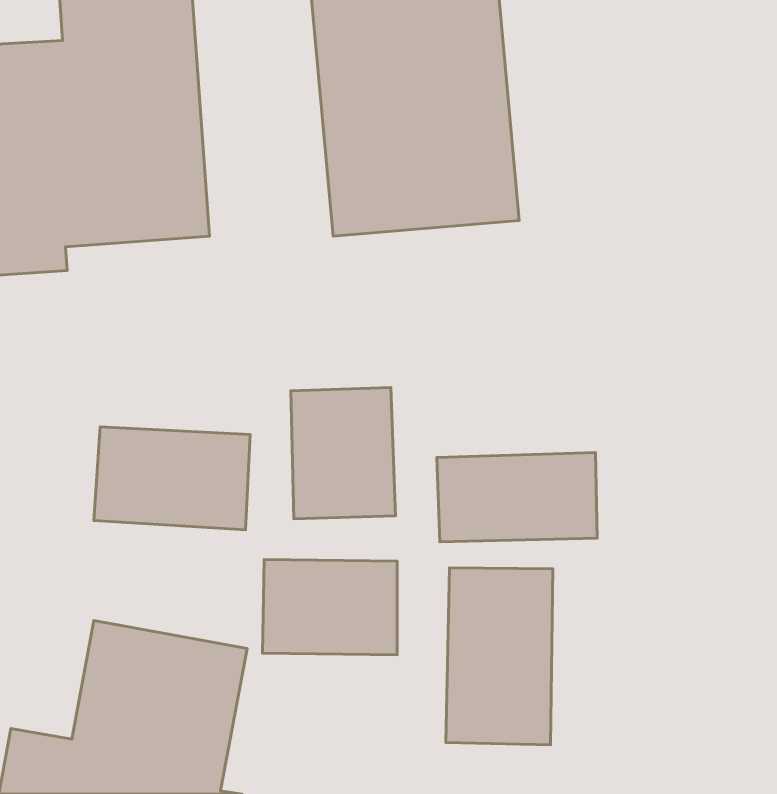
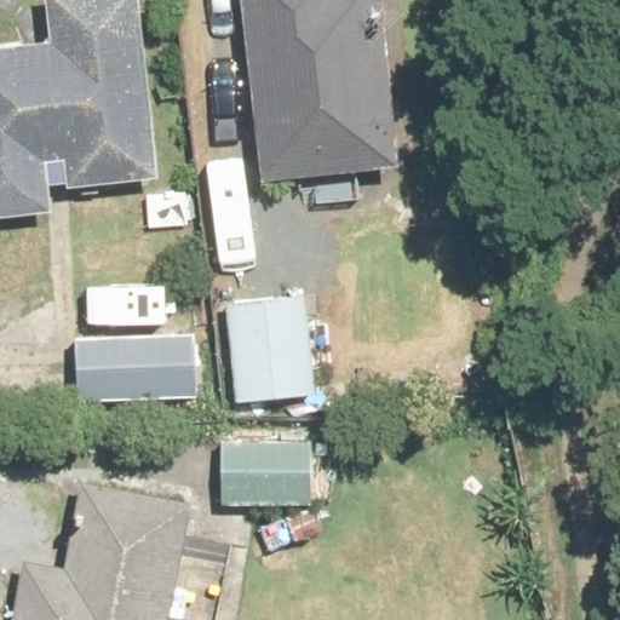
building: [437,452,597,542] -> none
building: [446,568,553,745] -> none

